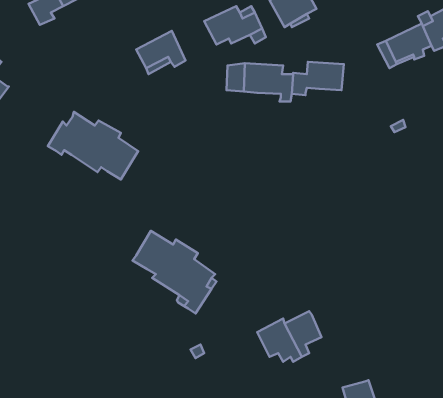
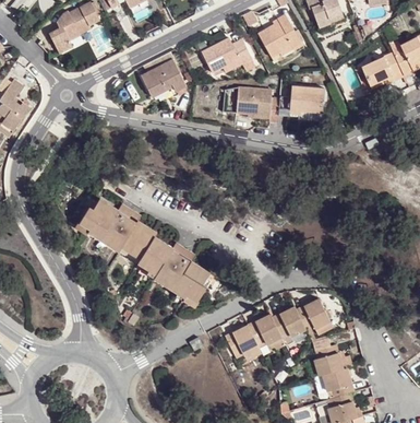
building: [48,112,138,180] -> [76,198,156,258]
building: none -> [296,298,333,336]
building: none -> [226,326,259,355]
building: none -> [311,344,343,376]

